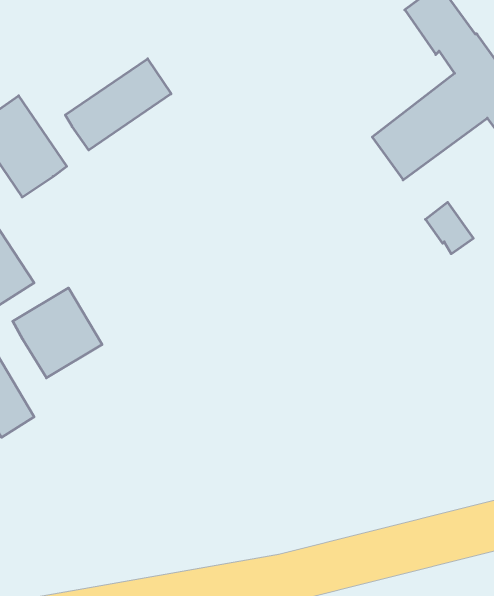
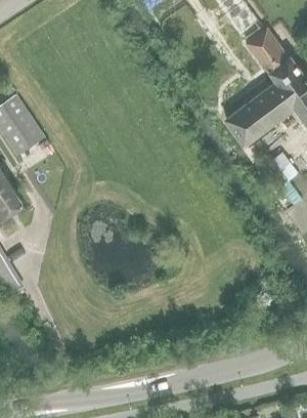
building: [65,59,171,150] -> none
building: [13,288,102,378] -> none

